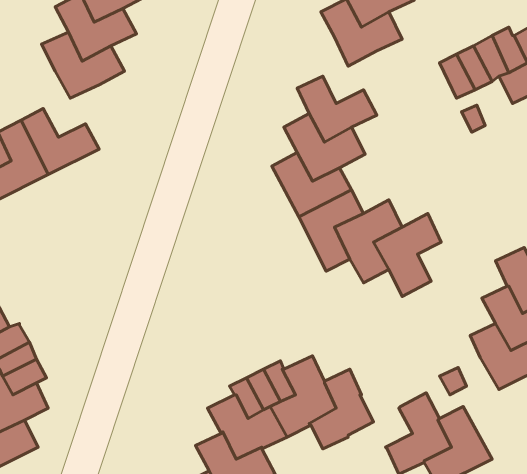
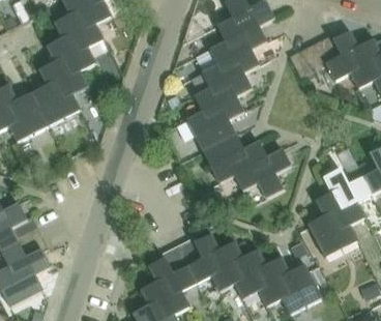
building: none -> [209,40,258,81]
building: none -> [39,61,88,101]
building: none -> [233,251,272,300]

